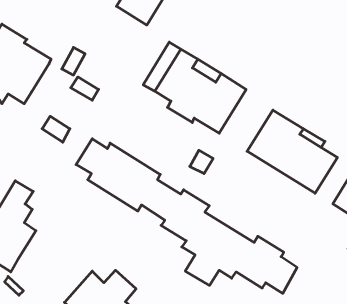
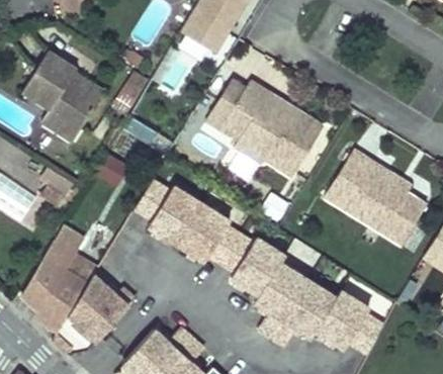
building: none -> [67,264,145,341]

